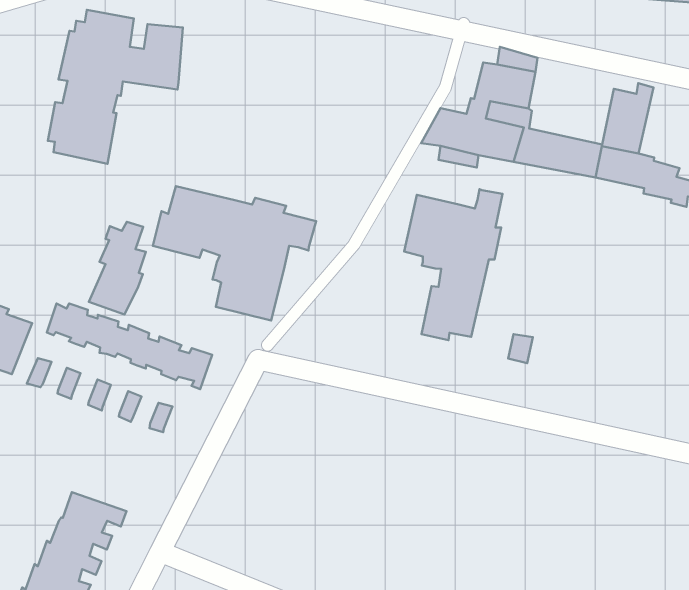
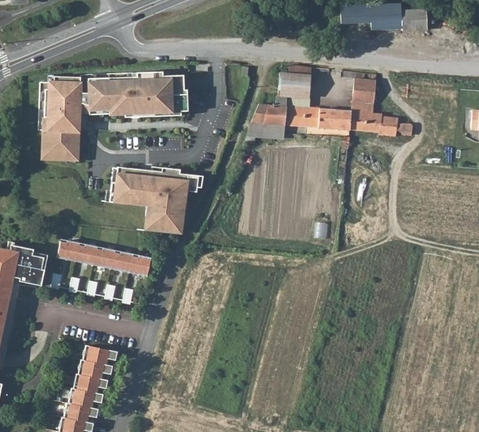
building: none -> [109,72,188,114]
building: [404,189,503,340] -> none
building: [89,222,146,315] -> none

